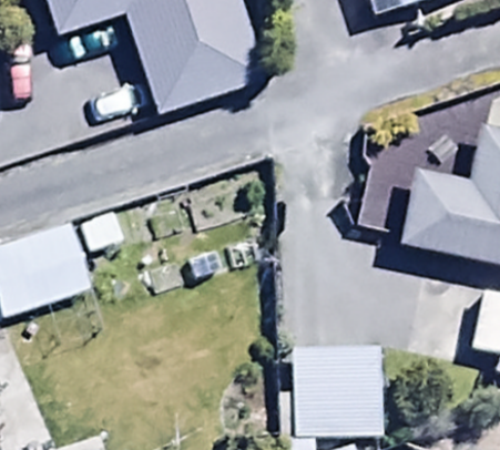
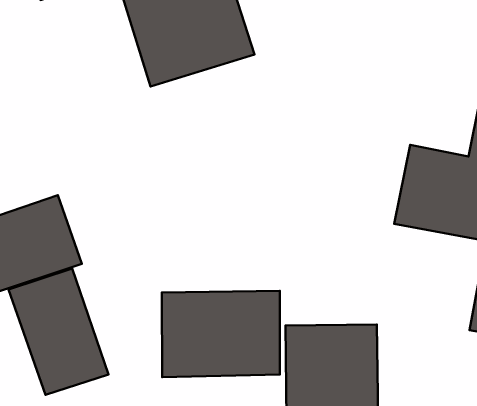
building: none -> [9,268,109,395]
building: none -> [162,291,280,377]

